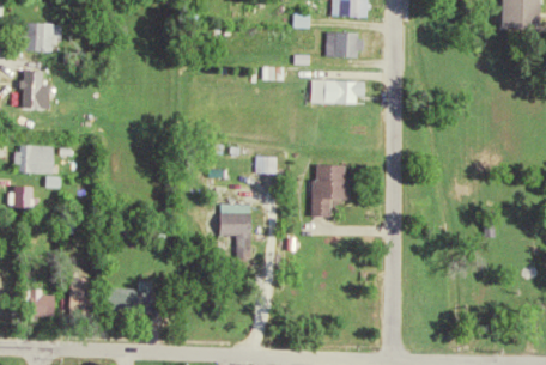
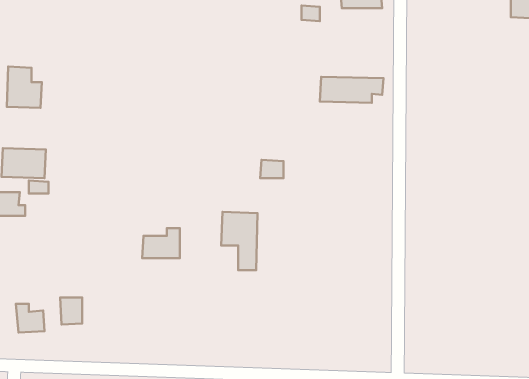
building: [31,23,61,51] -> none
building: [328,31,362,57] -> none
building: [315,164,353,218] -> none
building: [121,282,156,310] -> [142,228,180,258]

